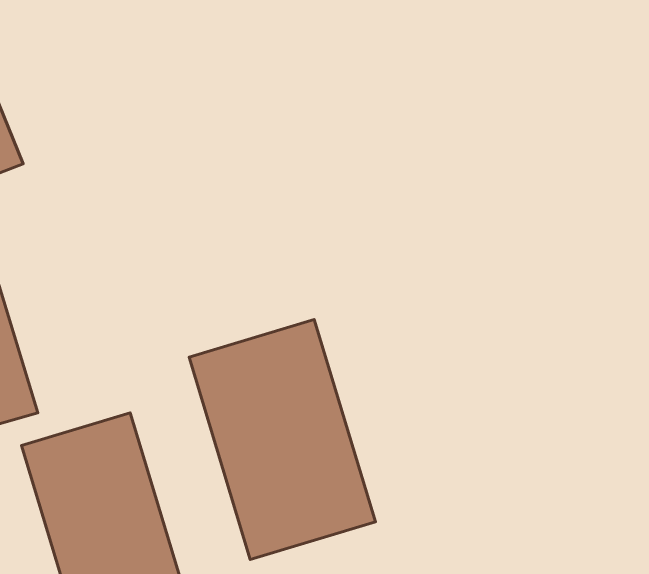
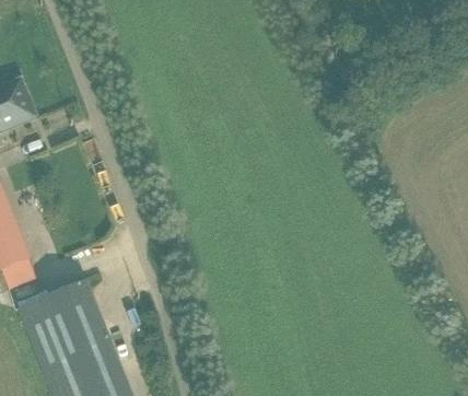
building: [189,320,375,560] -> none

